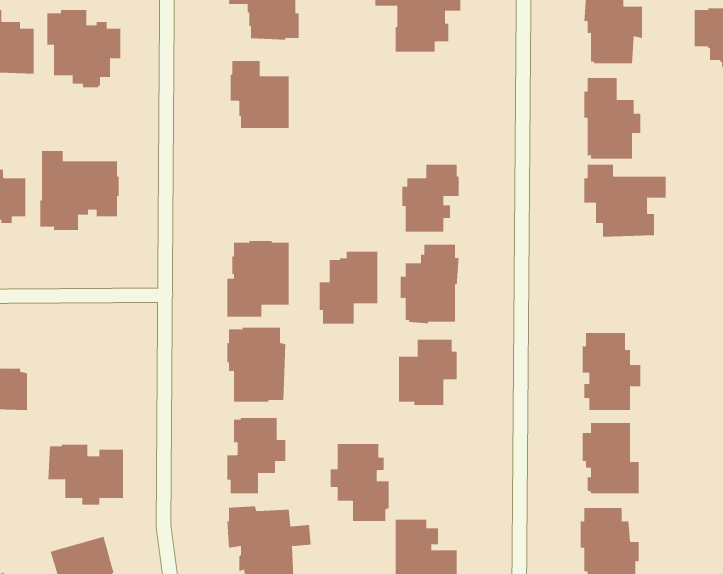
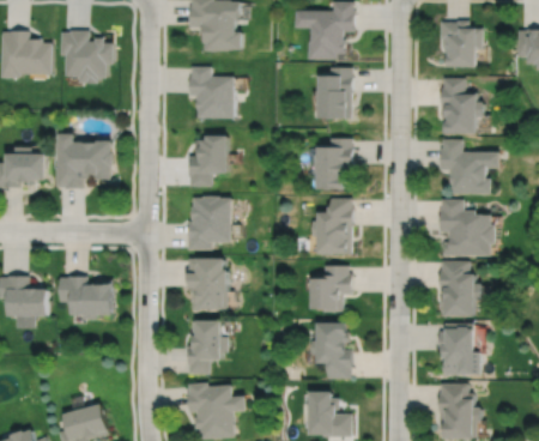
building: none -> [315,70,351,123]
building: none -> [438,199,493,255]
building: [319,251,378,324] -> [188,133,230,185]
building: [330,443,389,522] -> [309,322,351,377]
building: [47,444,124,505] -> [59,276,113,319]

